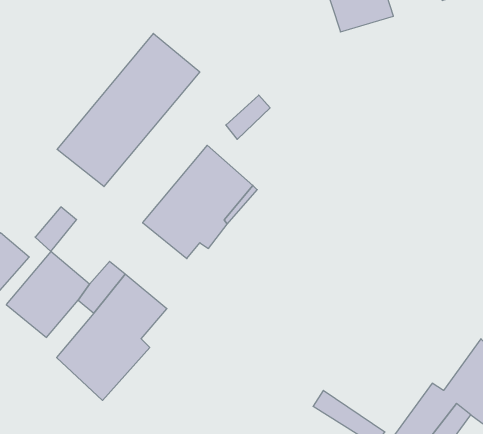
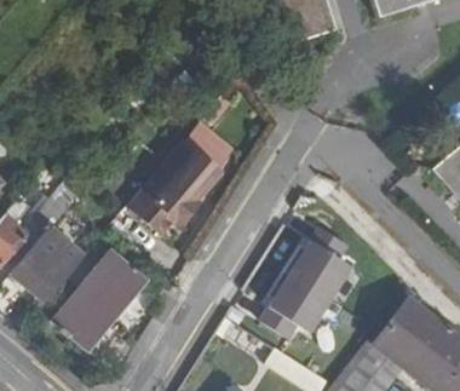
building: [57,33,200,187] -> none
building: none -> [263,225,353,337]

